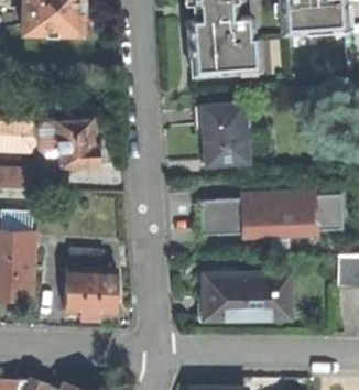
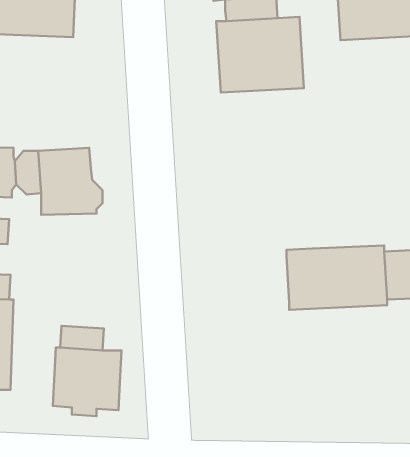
building: [194,106,247,166] -> none
building: [199,198,243,236] -> none
building: [204,272,290,319] -> none

